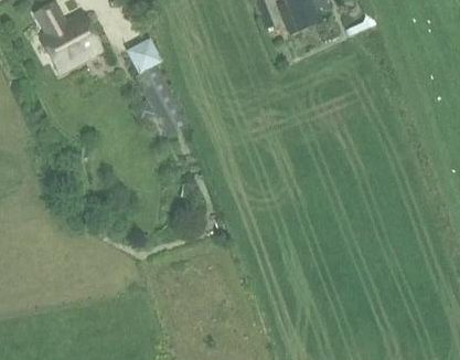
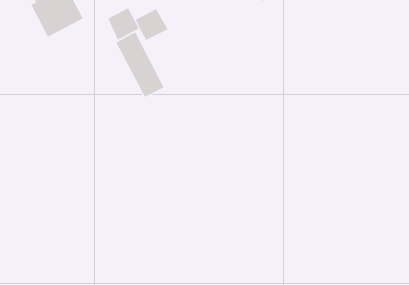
building: none -> [135,8,169,41]

